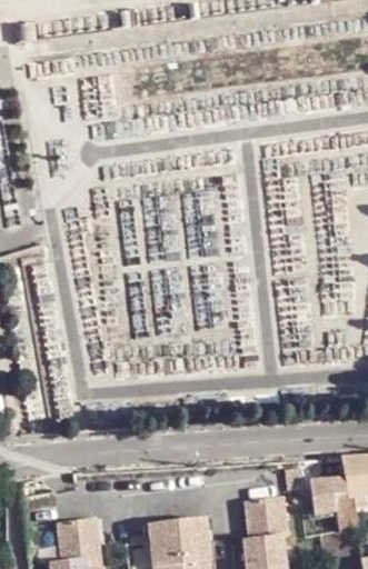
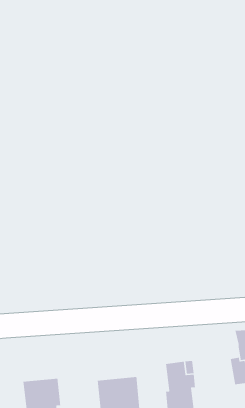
building: [309,477,347,516] -> none

